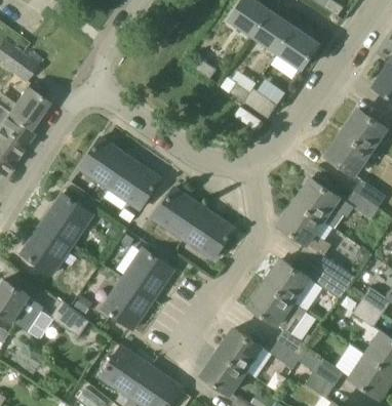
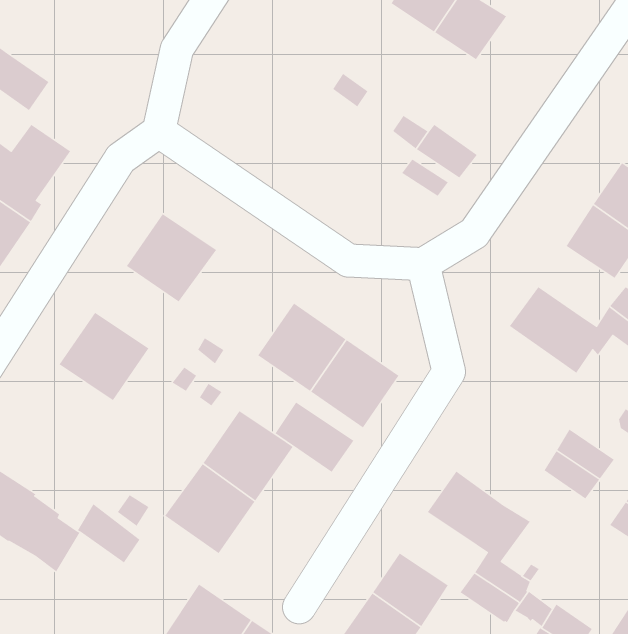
building: [276,28,318,70] -> none
building: [109,159,160,209] -> none
building: [278,202,330,256] -> none
building: [21,224,72,275] -> none
building: none -> [275,402,355,473]
building: [265,260,308,302] -> none

